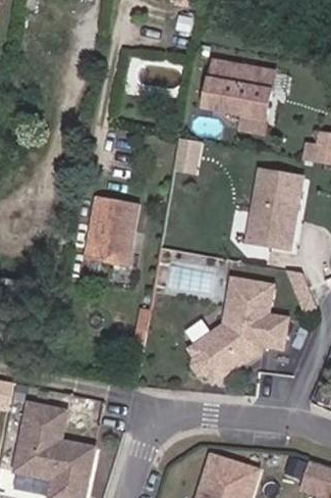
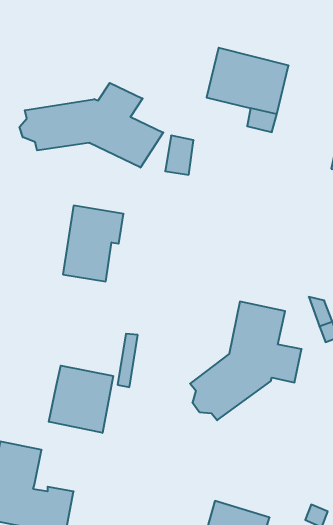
building: none -> [20,83,163,168]
building: [249,173,306,257] -> none
building: none -> [49,366,113,433]

